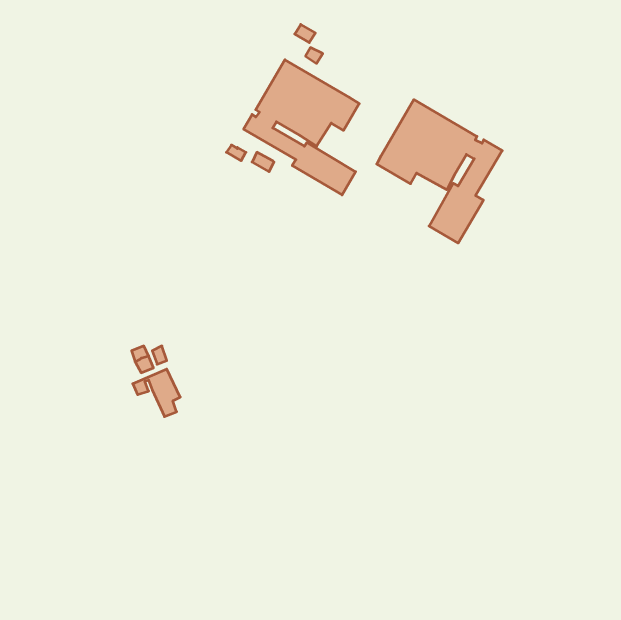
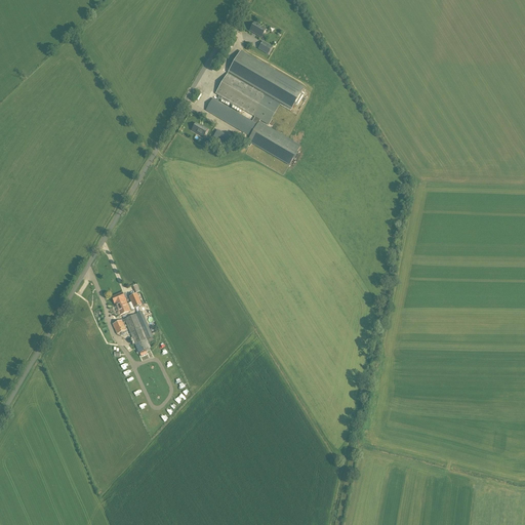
building: [377,100,502,243] -> none

